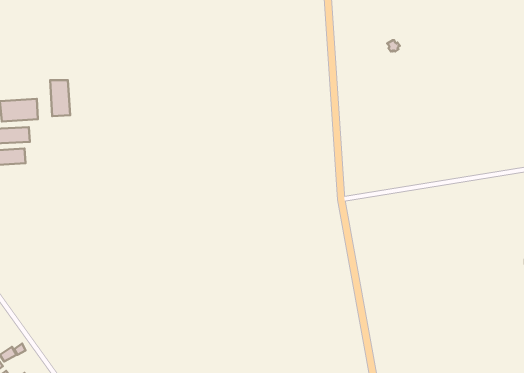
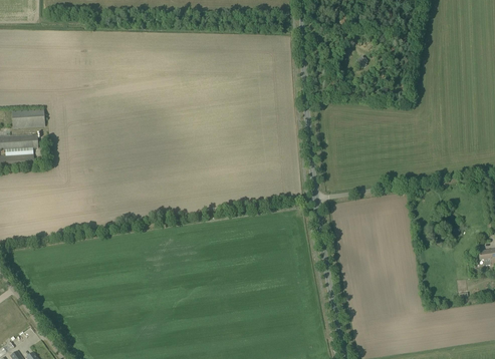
building: [50,80,70,116] -> none

